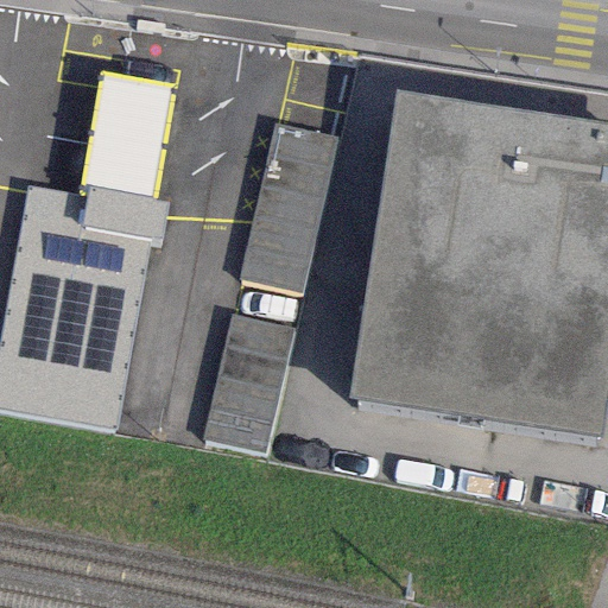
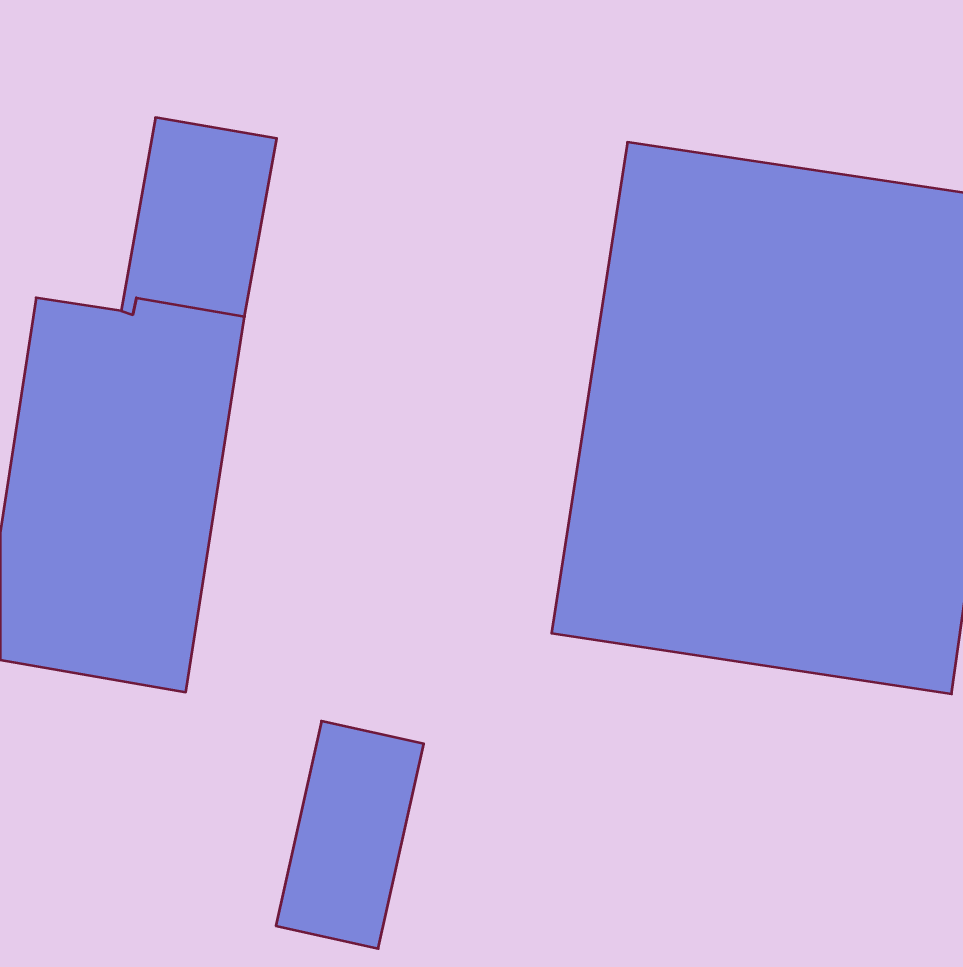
building: [240,124,338,293] -> none
building: [203,314,296,456] -> [276,721,424,949]

